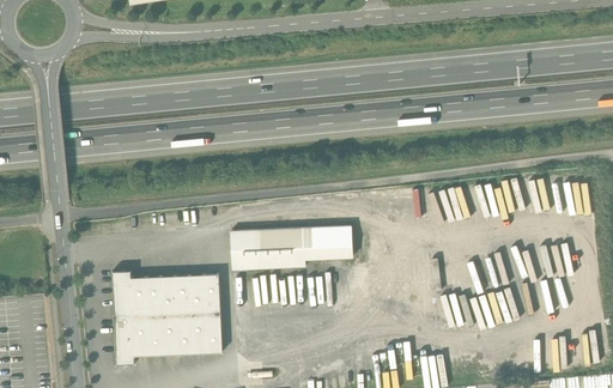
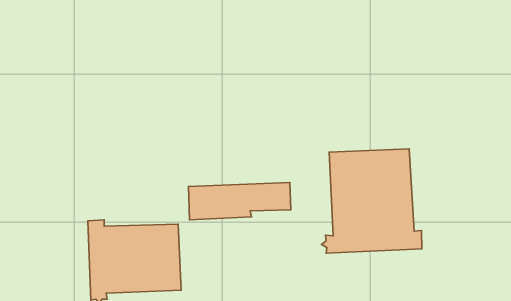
building: none -> [322,149,422,253]

